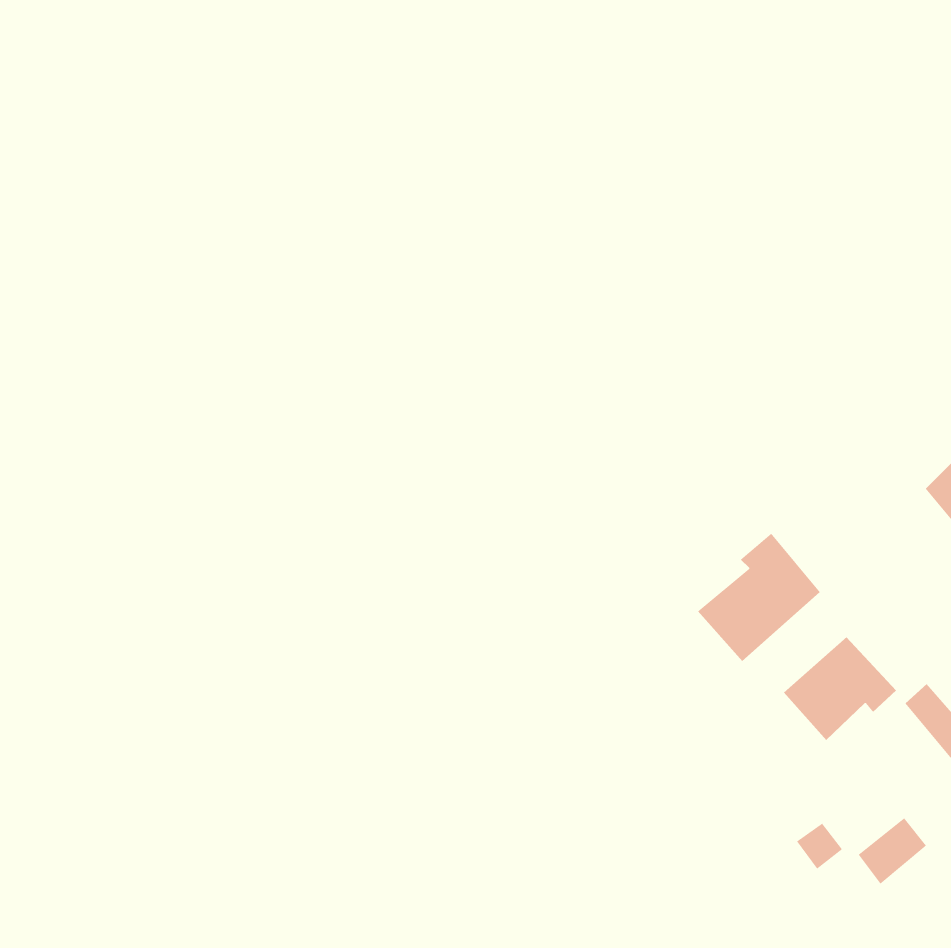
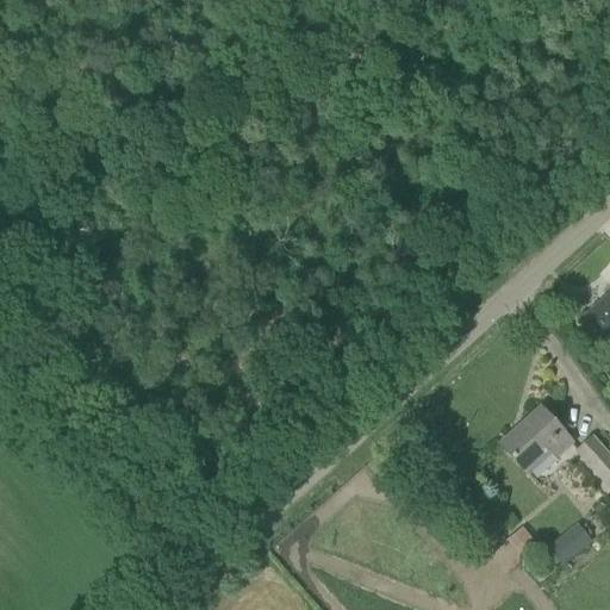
building: [697,533,821,662] -> none

